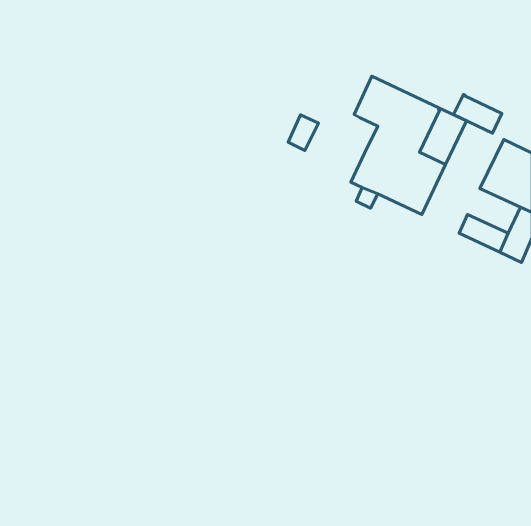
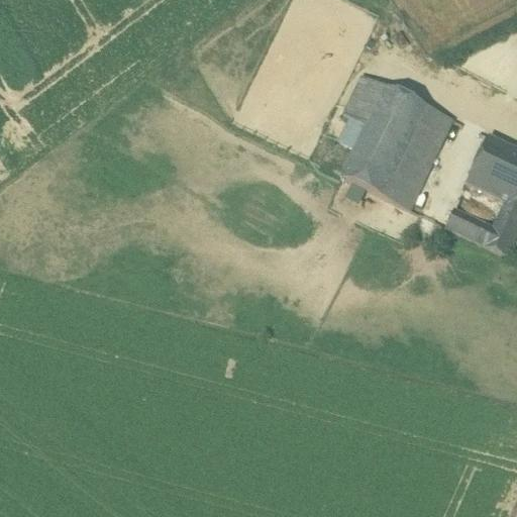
building: [454,95,502,133] -> none
building: [288,115,318,150] -> [338,114,368,148]

